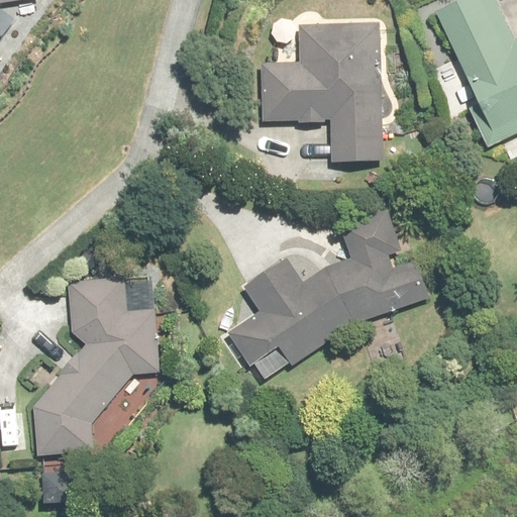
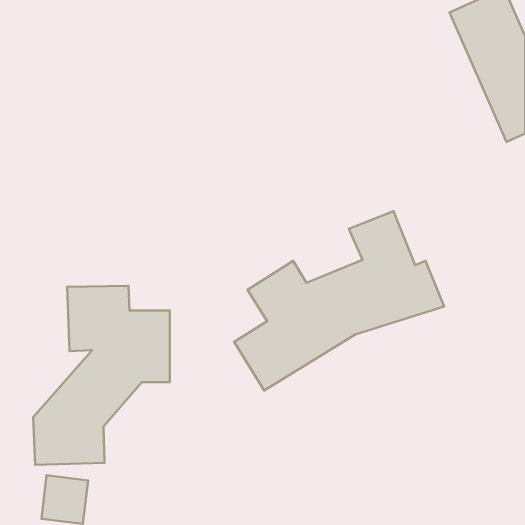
building: [263,22,385,162] -> none

